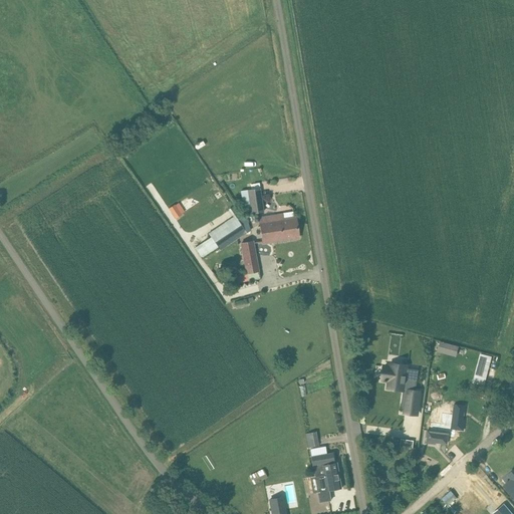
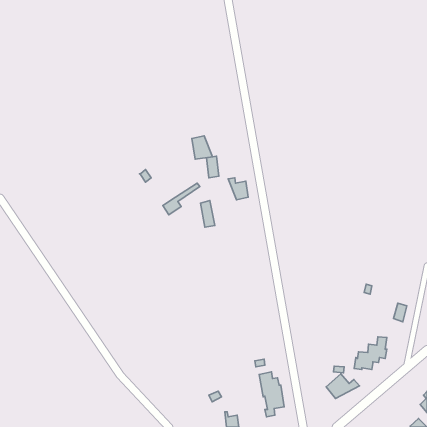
building: [259,215,284,243] -> [192,136,213,159]
building: [384,365,422,406] -> none
building: none -> [326,374,360,399]

